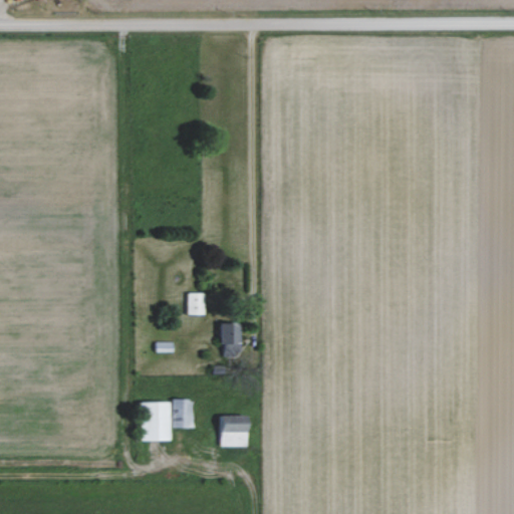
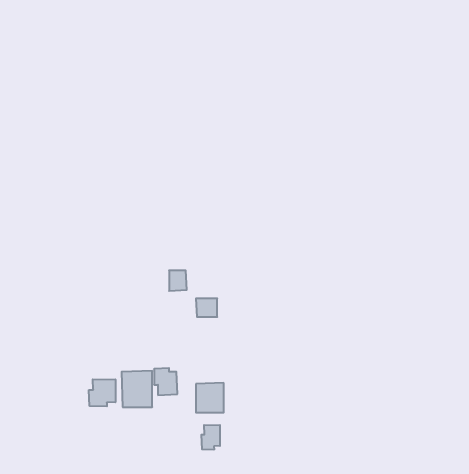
building: none -> [89,379,115,406]
building: none -> [201,425,220,450]

